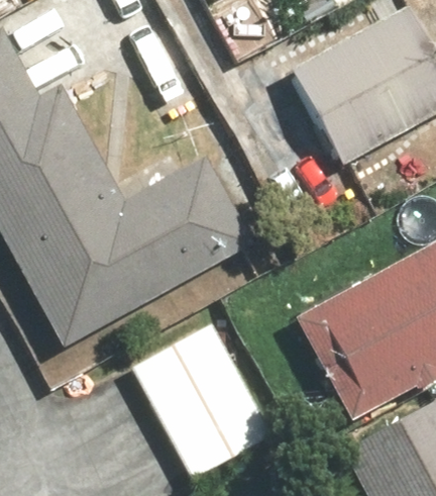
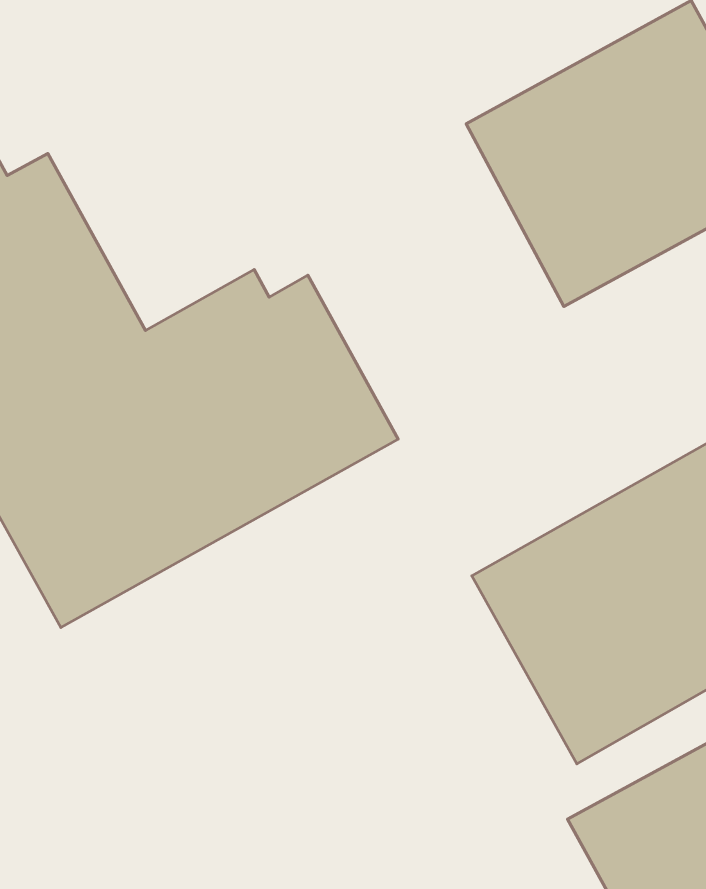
building: [131,322,275,478] -> none

